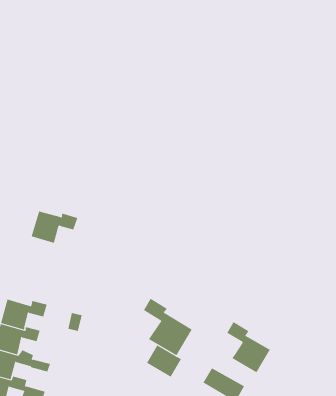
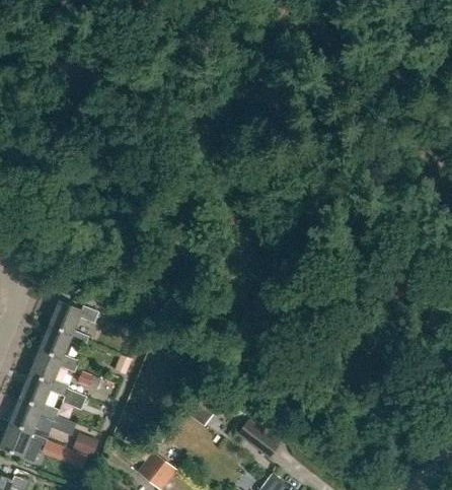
building: [31,211,78,244] -> [49,299,99,335]
building: [143,298,193,356] -> none
building: [226,321,271,373] -> none

